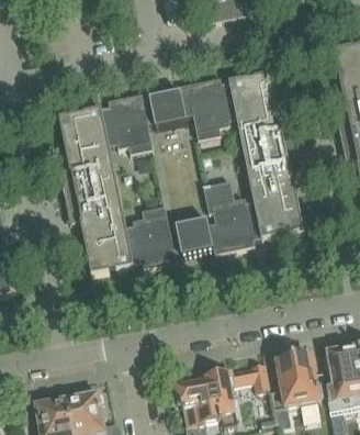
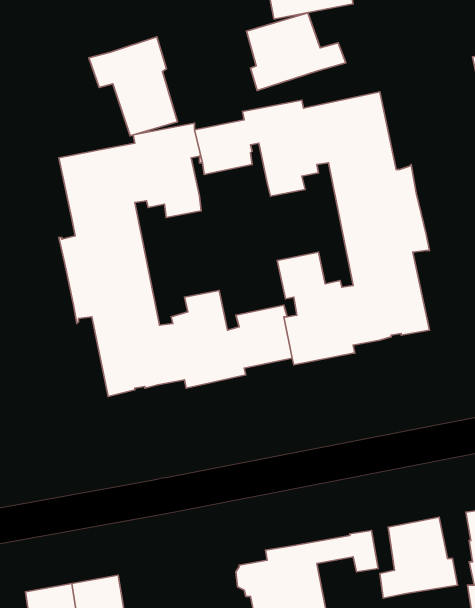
building: none -> [247,13,346,90]
building: none -> [89,37,177,136]

